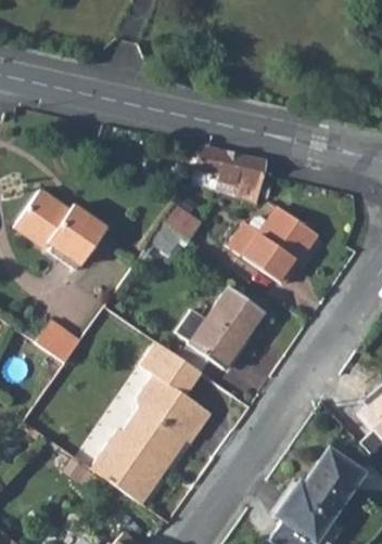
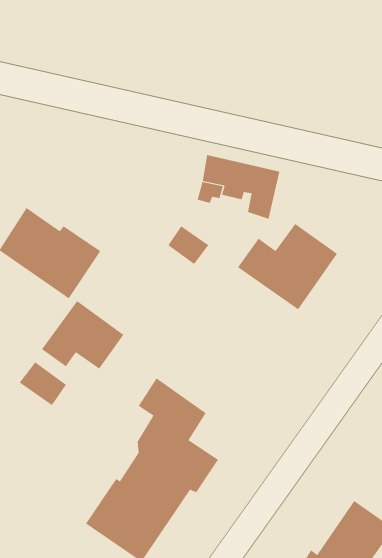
building: none -> [41,300,124,370]
building: [177,285,263,366] -> none

